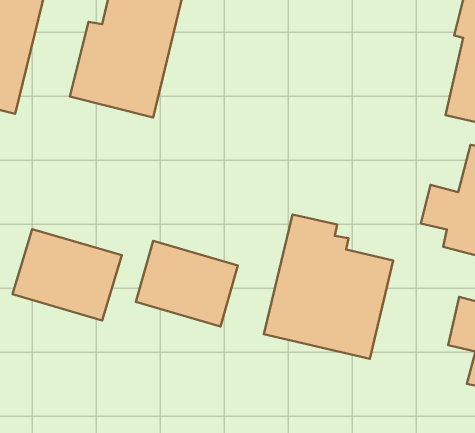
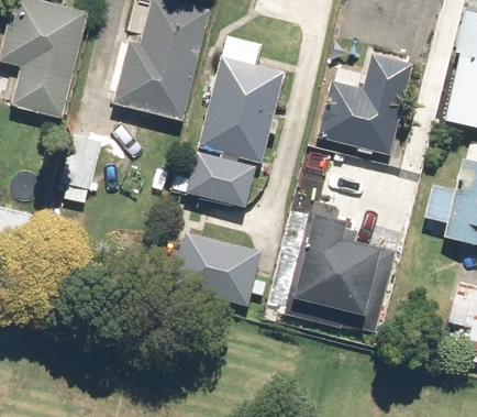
building: none -> [187,48,290,205]
building: none -> [319,55,411,156]
building: [13,229,122,321] -> none

